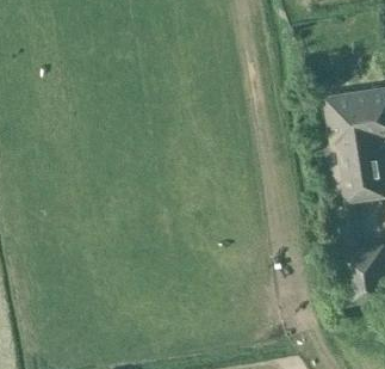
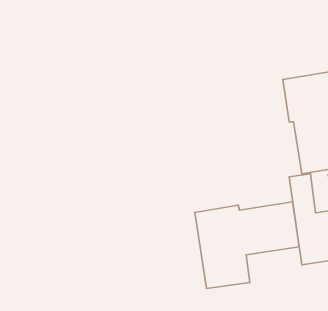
building: none -> [195,202,299,289]

